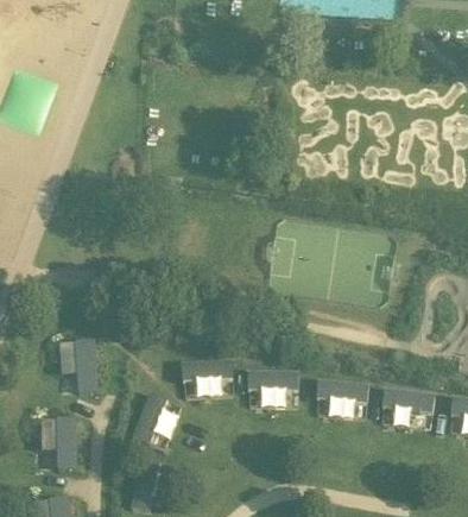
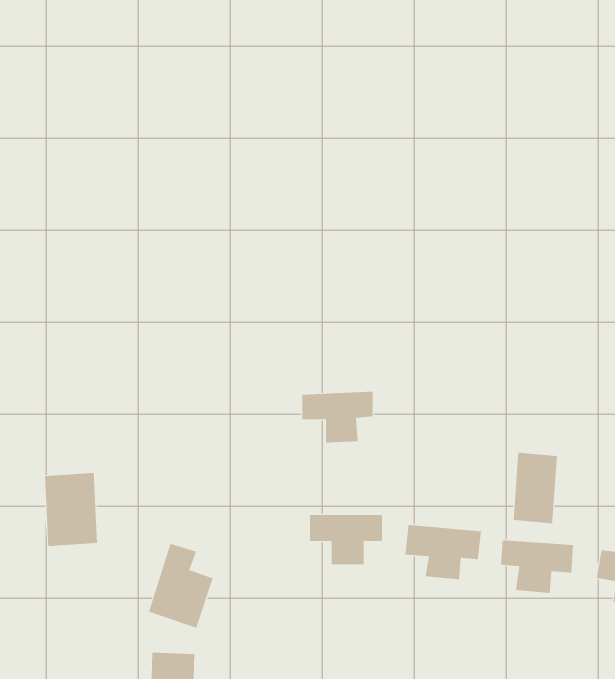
building: none -> [513,452,557,524]
building: [182,359,233,396] -> [302,391,374,443]
building: [40,416,77,468] -> none

